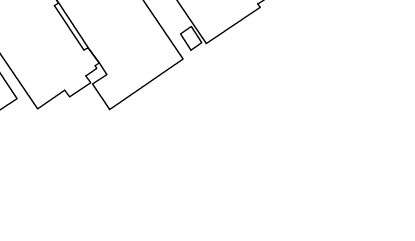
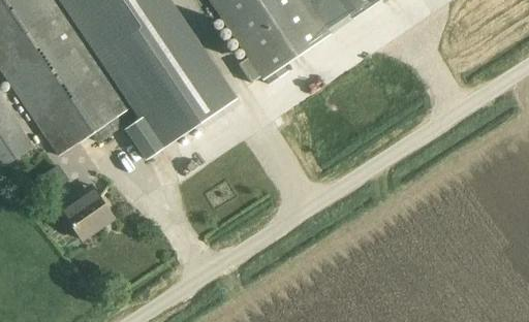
building: none -> [58,184,112,238]

